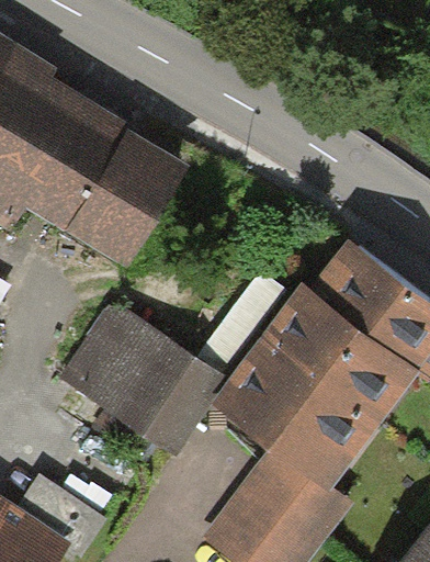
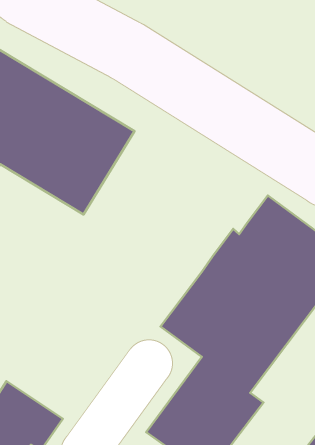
building: [60,272,287,456] -> none

